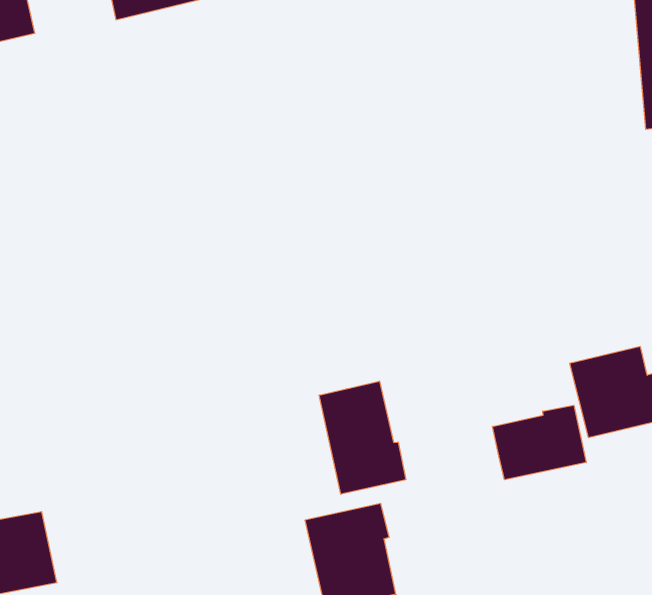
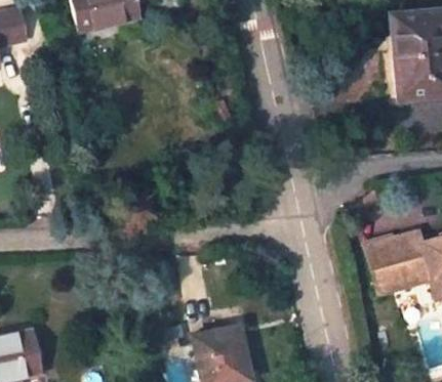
building: [319,381,406,494] -> none
building: [493,405,586,480] -> none

